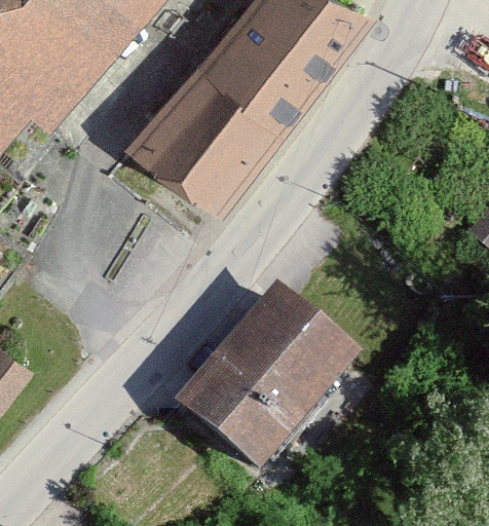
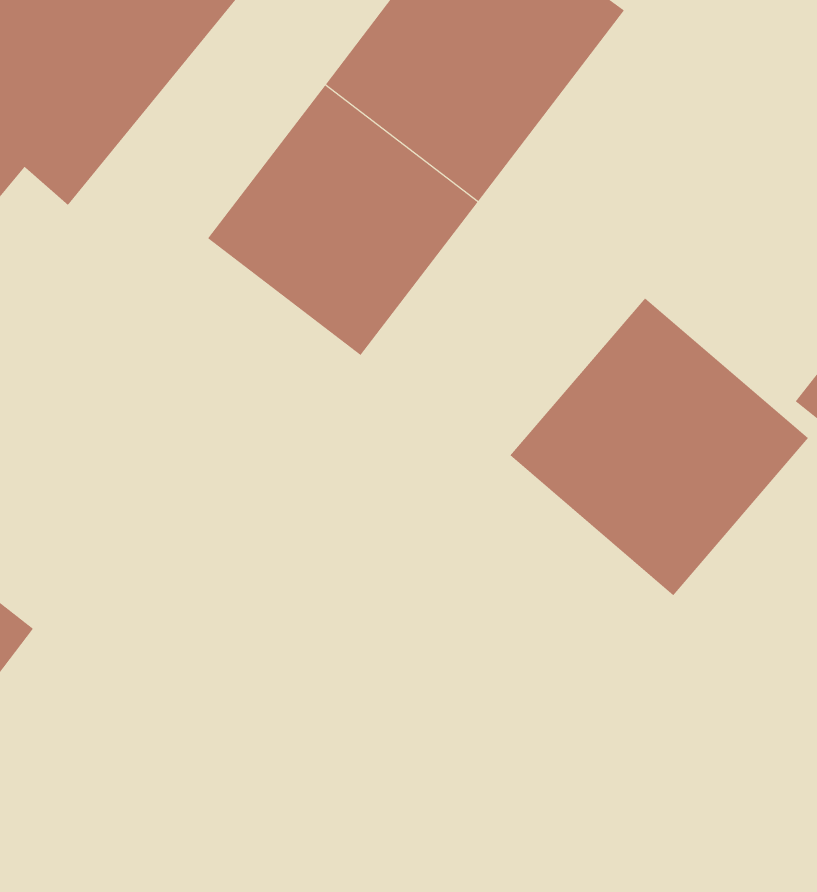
building: none -> [510,297,809,596]
building: [182,290,359,471] -> none

